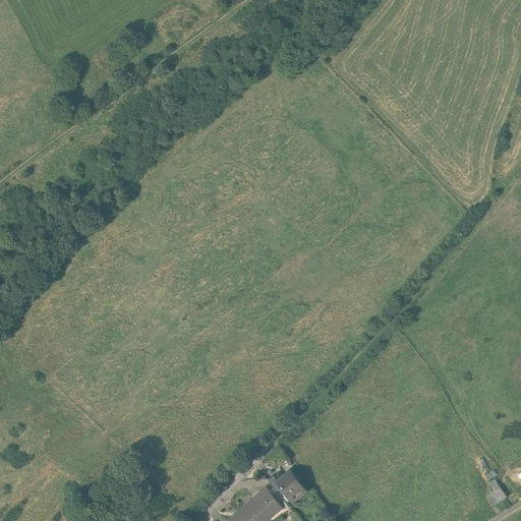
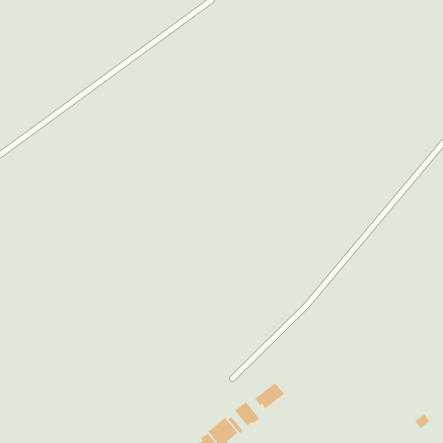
building: none -> [254,382,285,409]

